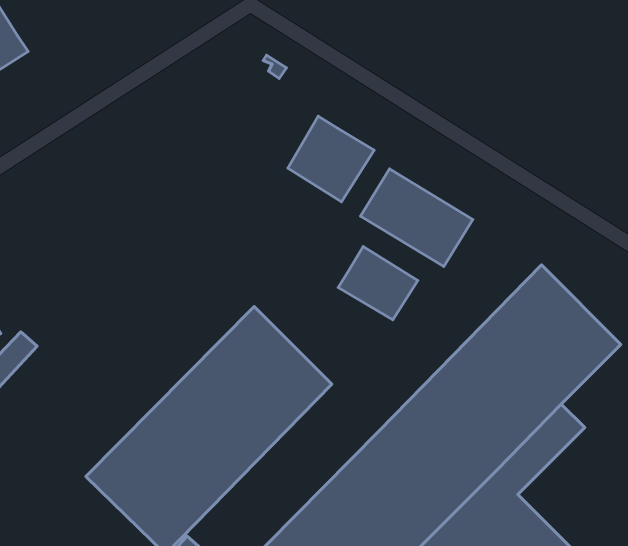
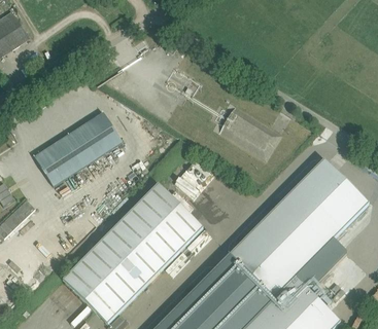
building: [288,116,374,202] -> none
building: none -> [34,112,122,186]
building: [338,246,418,320] -> none

